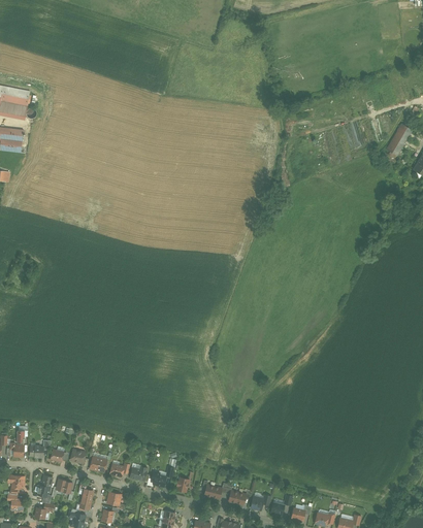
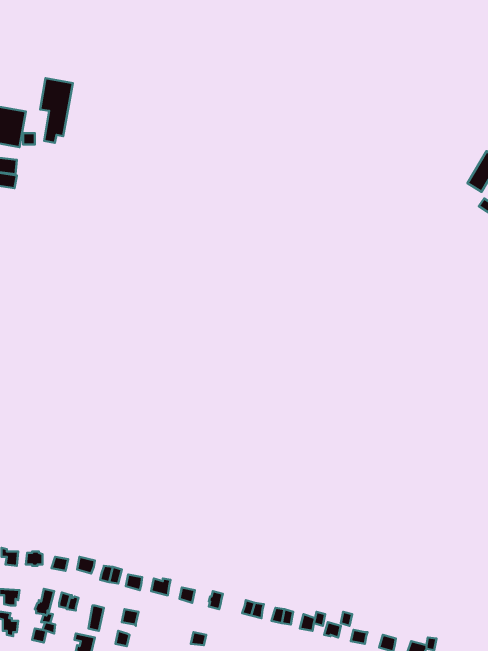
building: none -> [40,78,73,143]

